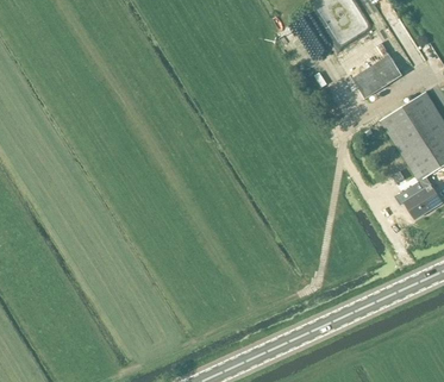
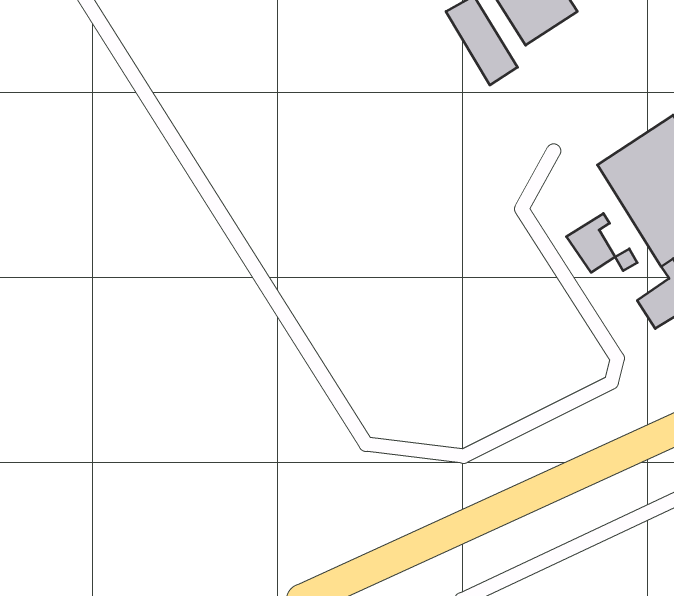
building: [352,55,401,96] -> none
building: none -> [566,213,615,272]

